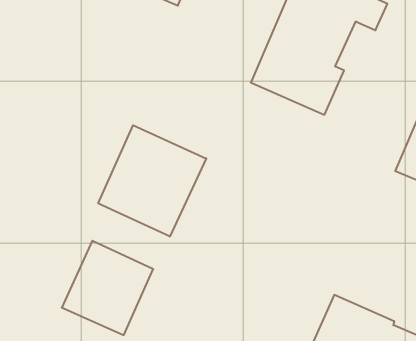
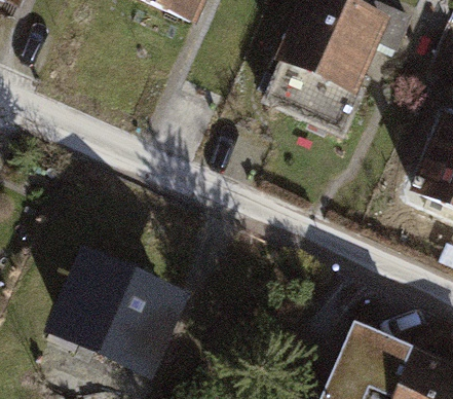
building: [98,125,206,237] -> none

